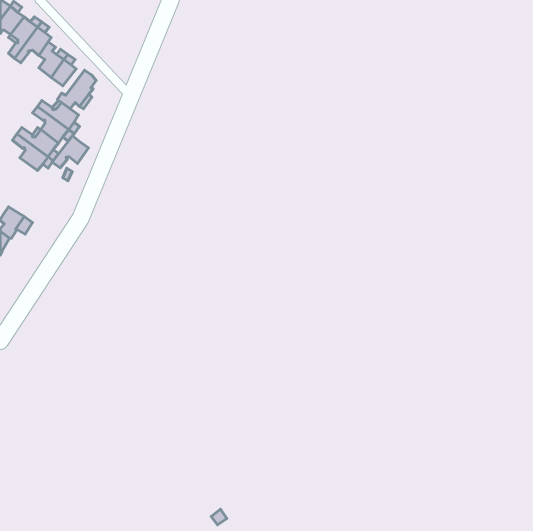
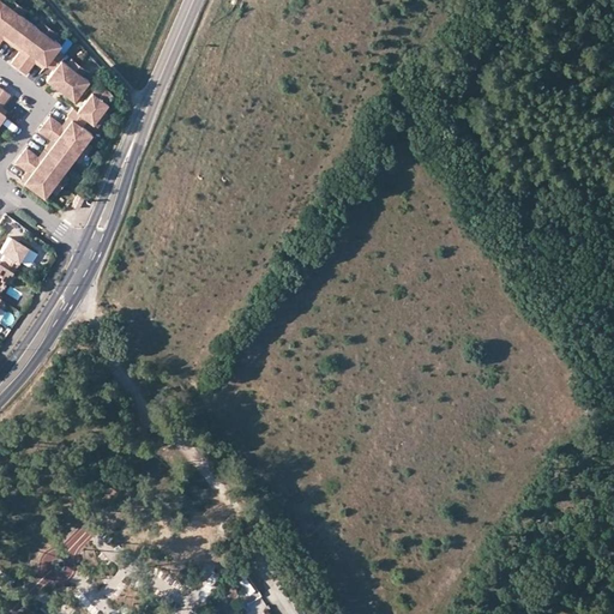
building: [52,136,89,168] -> none

